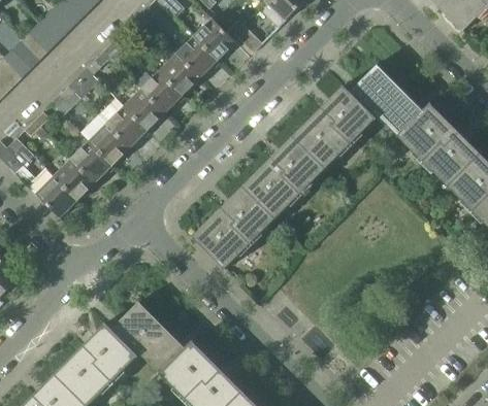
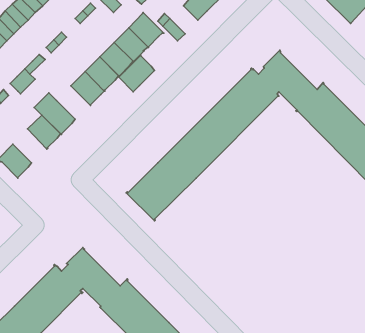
building: none -> [119,55,155,92]
building: [106,107,147,148] -> none
building: [54,159,95,201] -> none

